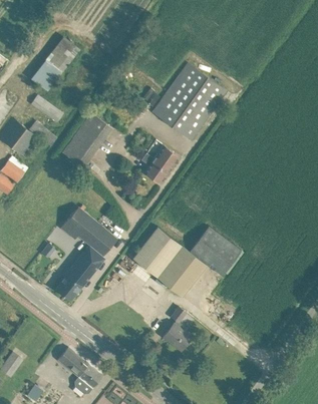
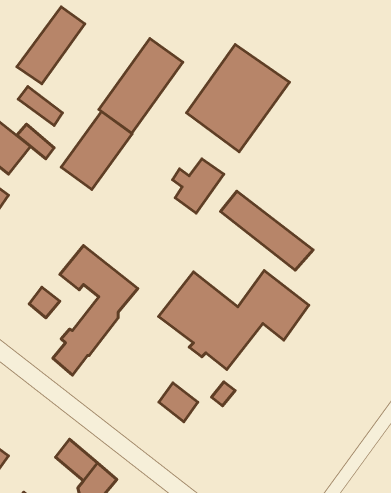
building: none -> [99,39,183,133]
building: none -> [220,191,313,270]
building: [164,323,192,351] -> [159,383,198,422]

